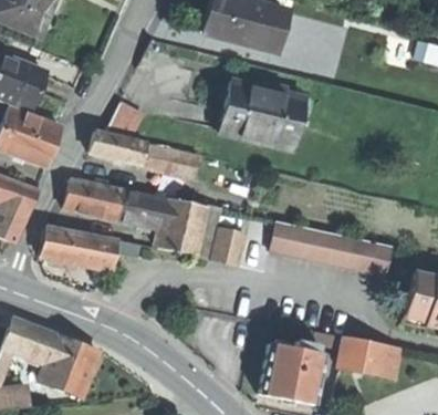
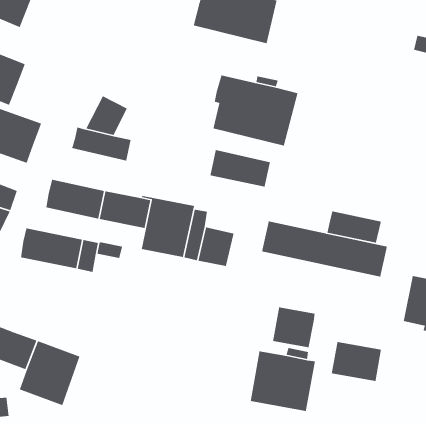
building: [140,143,199,179] -> [209,149,271,187]
building: none -> [327,210,382,244]
building: none -> [272,306,316,348]

